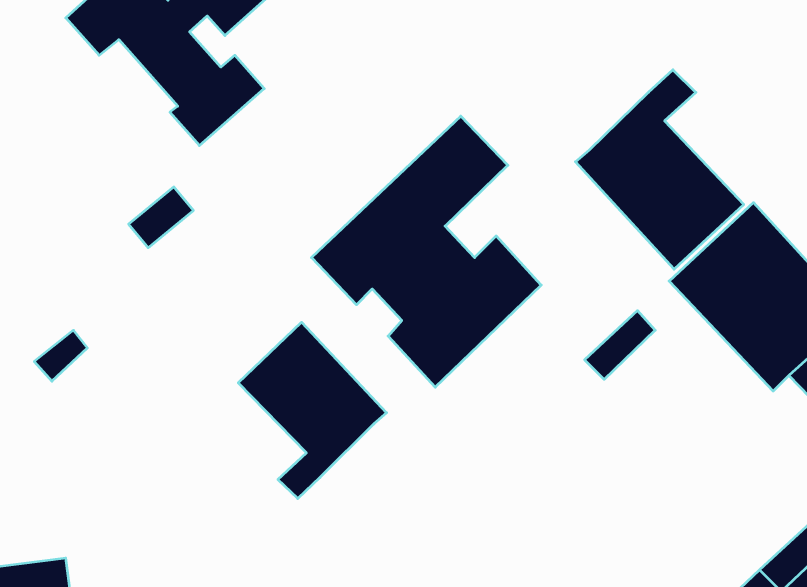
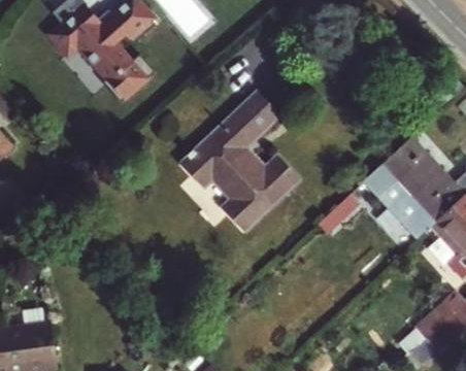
building: [575,70,744,269] -> none
building: [238,322,387,499] -> none

